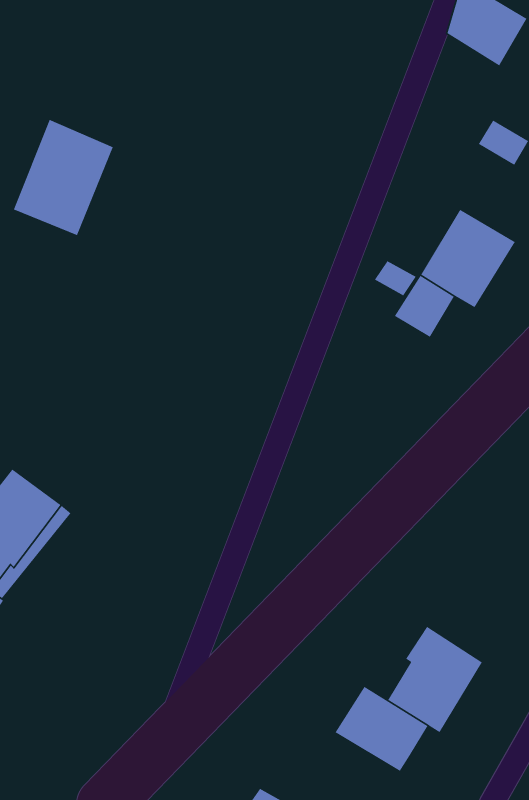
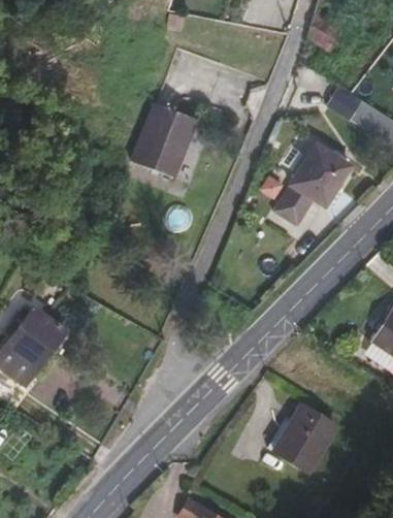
building: [13,119,114,236] -> [132,102,195,175]
building: [335,686,428,772] -> none

